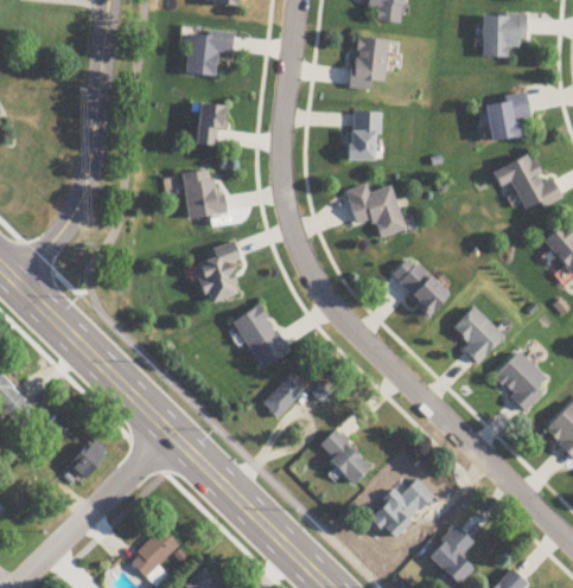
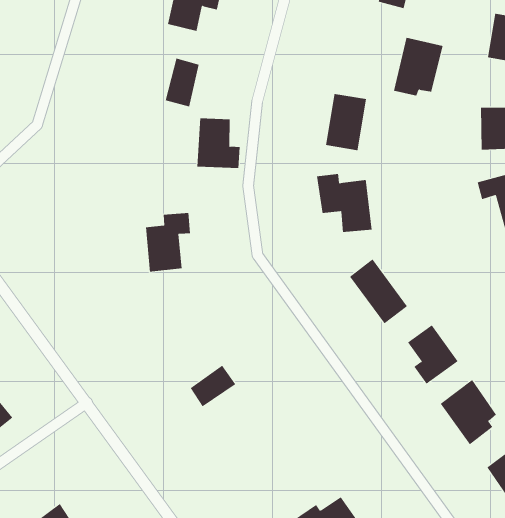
building: [350,37,389,89] -> [393,37,444,96]
building: [183,170,227,218] -> [197,118,240,169]
building: [231,303,289,368] -> none
building: [318,430,369,482] -> none

